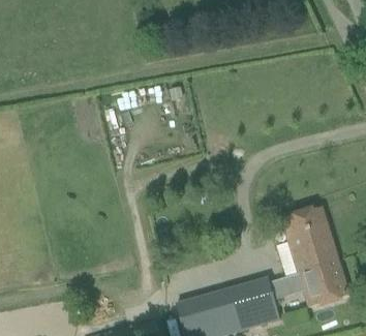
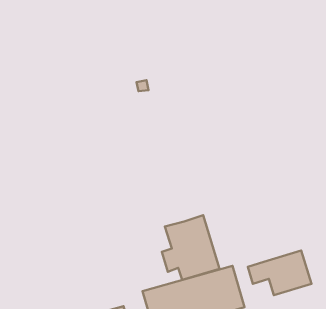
building: [279,205,338,271] -> [162,215,219,280]

